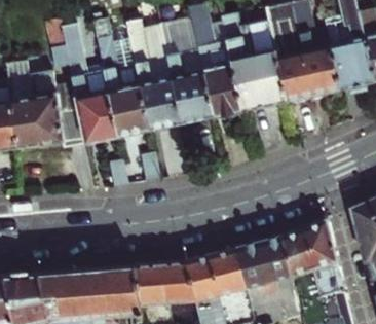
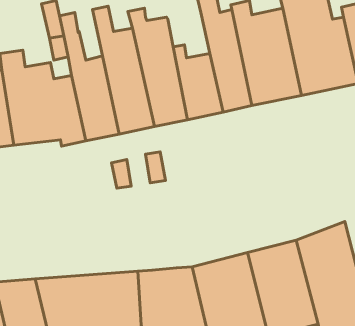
building: [162,24,201,66] -> none

